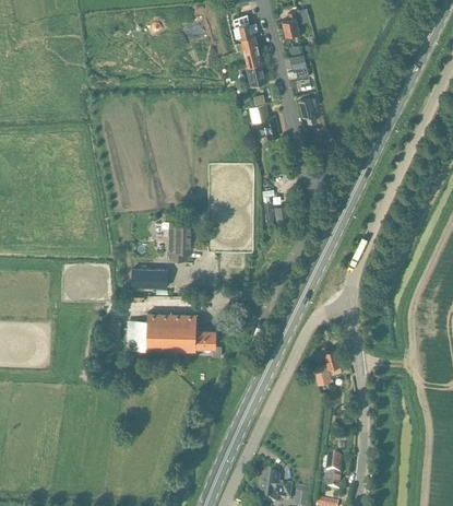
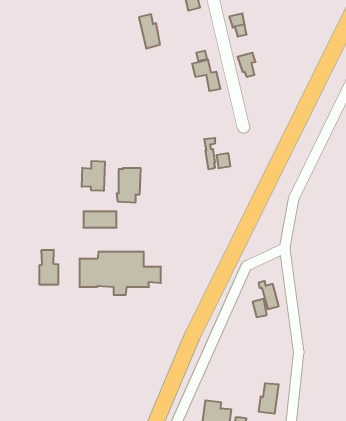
building: [245,47,267,84] -> [139,14,160,48]
building: none -> [82,161,105,191]
building: none -> [40,250,58,285]

